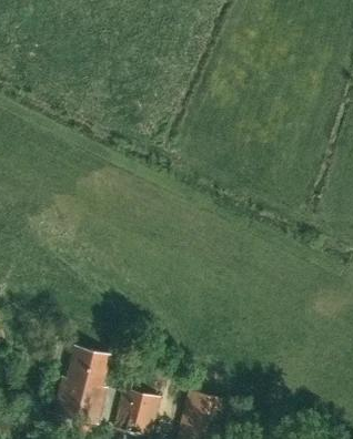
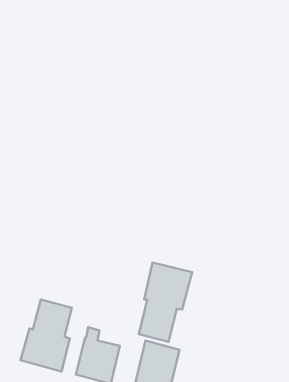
building: none -> [139,263,192,342]

